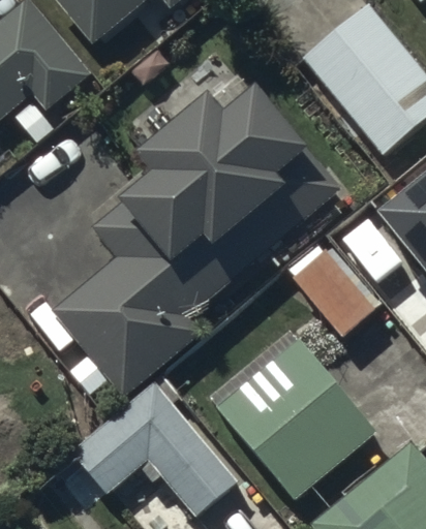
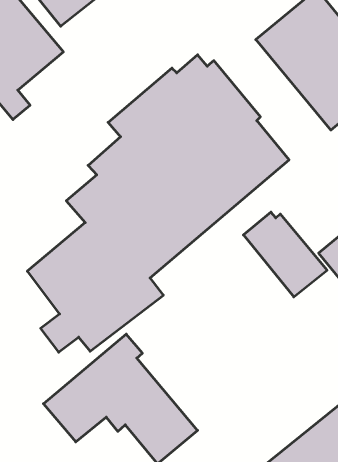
building: [208,329,375,499] -> none

